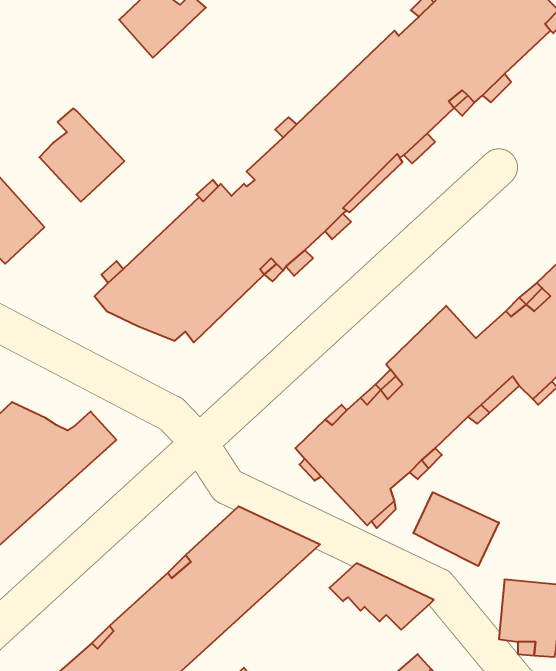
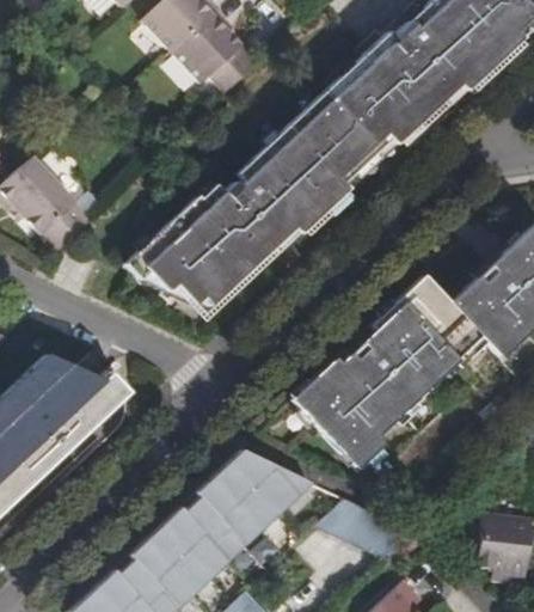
building: none -> [171,10,241,84]
building: [39,108,124,202] -> none
building: [413,492,499,566] -> none

